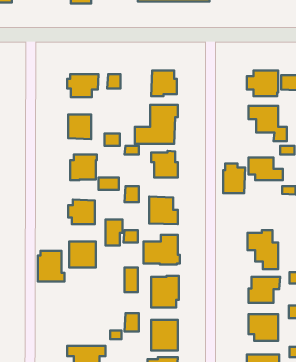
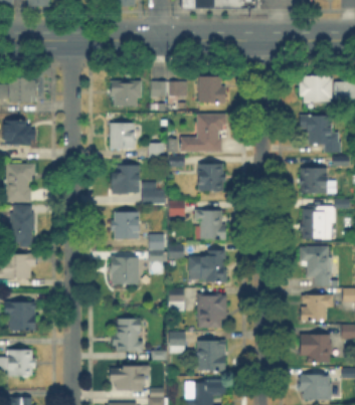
building: none -> [169,80,188,109]
building: [223,164,245,193] -> [301,207,324,238]
building: [38,251,64,281] -> [114,319,142,351]

